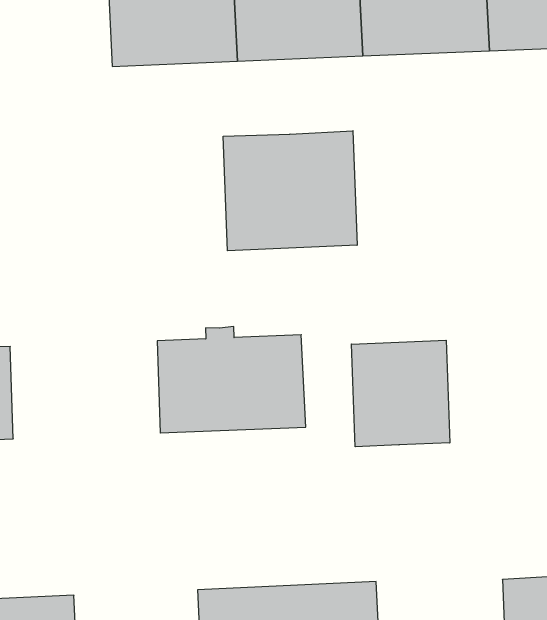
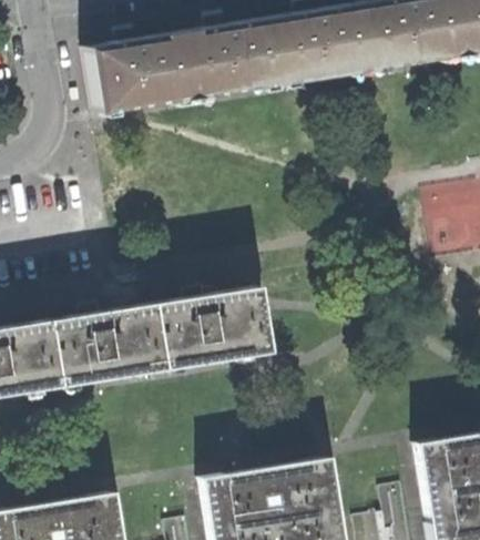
building: [223,131,357,251] -> none
building: none -> [49,305,163,387]
building: [351,340,450,447] -> none

